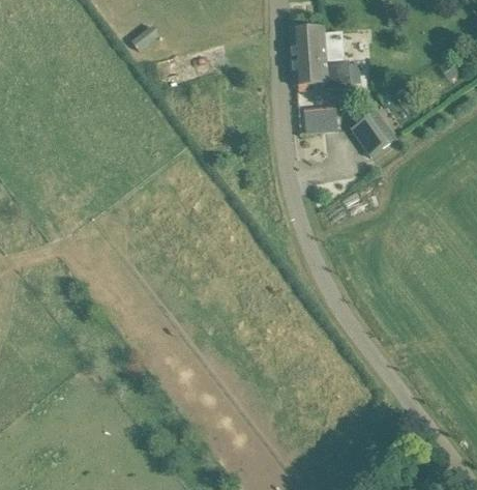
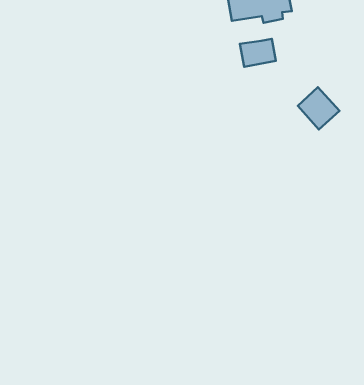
building: [353,109,396,153] -> [298,87,340,129]

